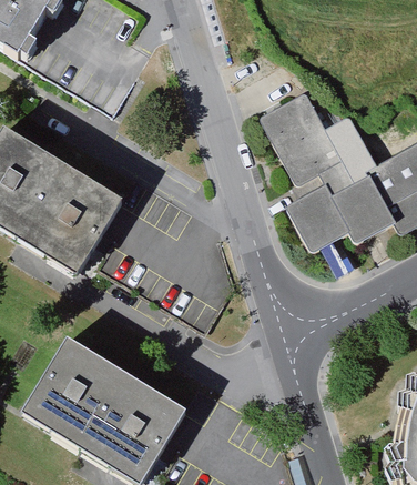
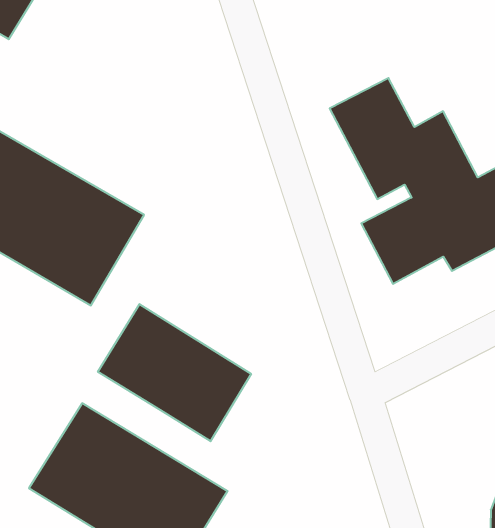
building: none -> [98,304,251,441]

